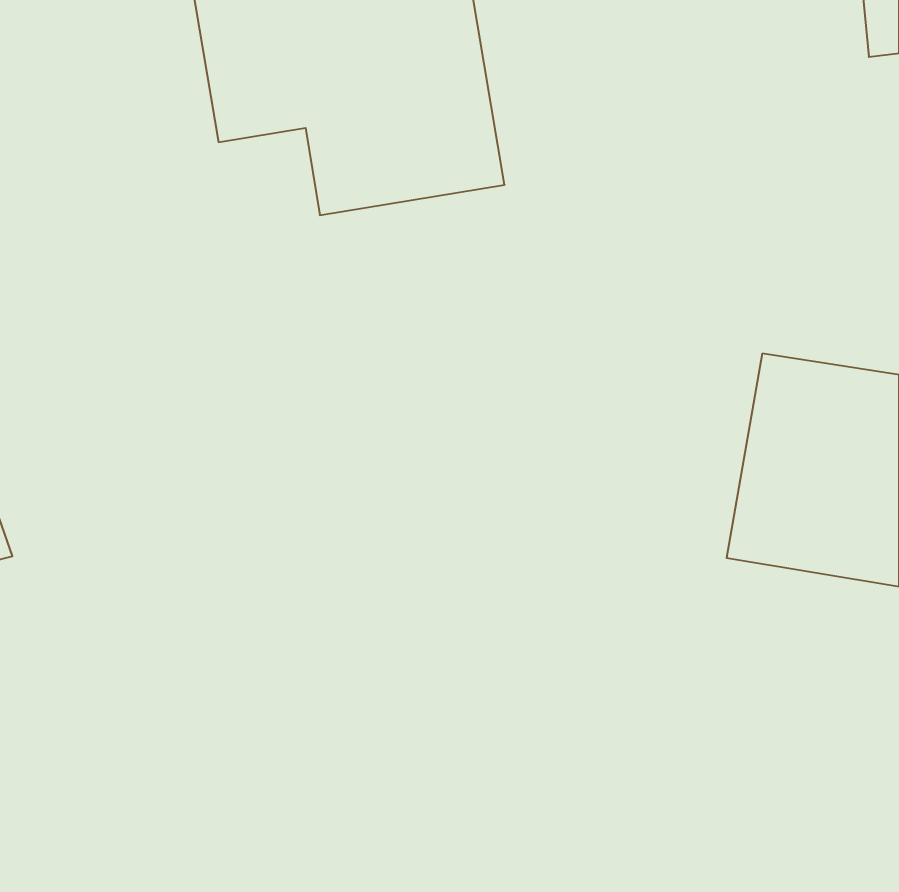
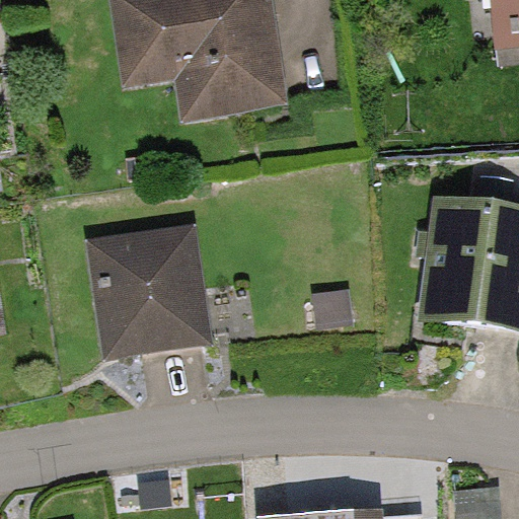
building: none -> [95,225,209,351]

